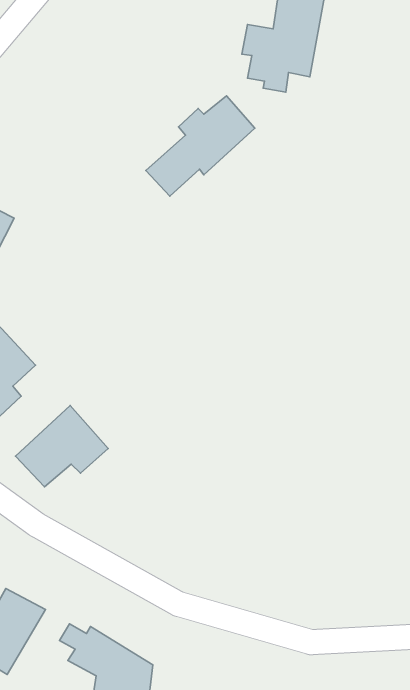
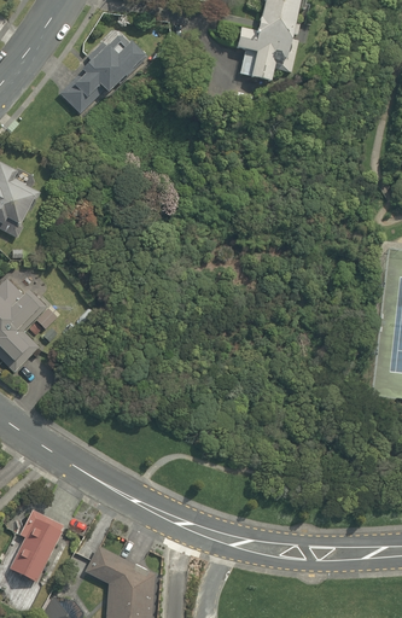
building: [146,96,255,196] -> [57,30,150,116]
building: [16,405,108,487] -> none

